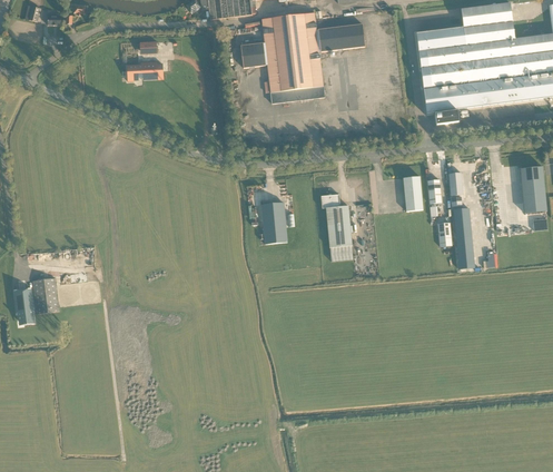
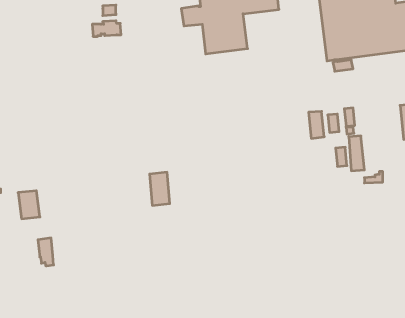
building: [320,193,353,260] -> none
building: [261,201,287,244] -> [150,172,170,205]
building: [14,287,34,323] -> [38,238,54,266]

